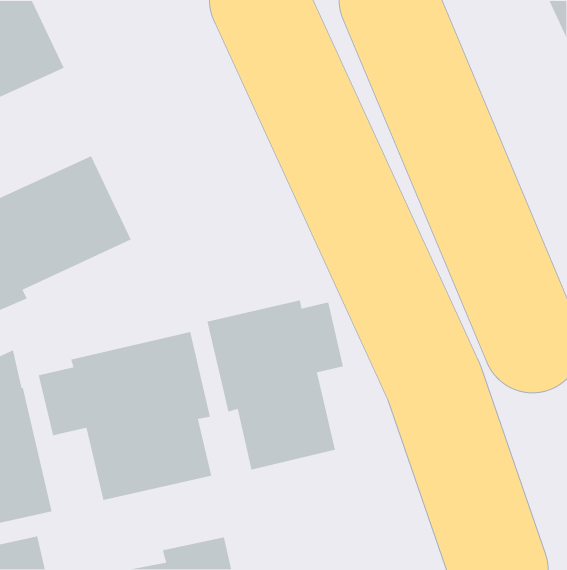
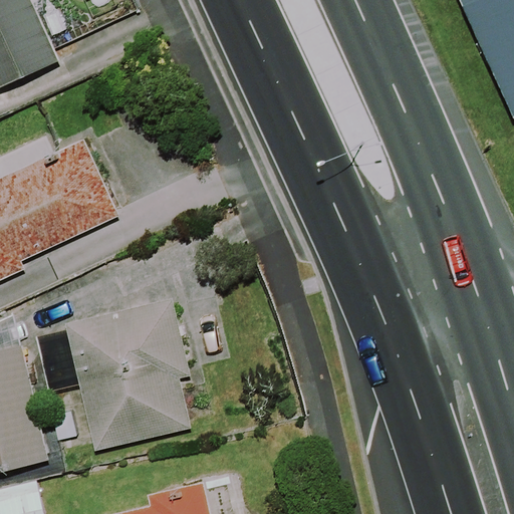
building: [207,299,344,471] -> none

